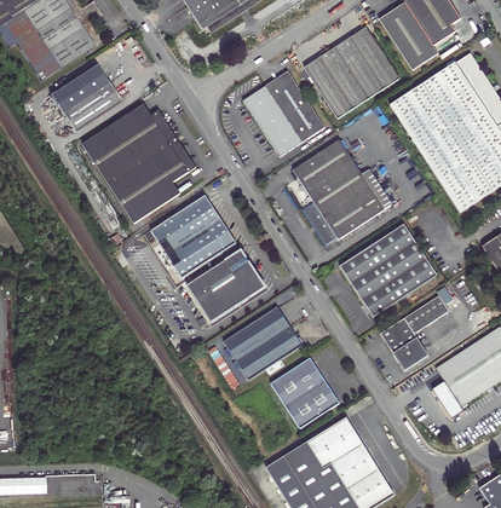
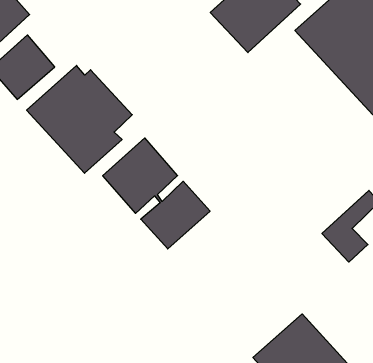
building: [242,70,324,156] -> none
building: [288,143,390,243] -> none
building: [344,221,439,313] -> none
building: [225,305,300,376] -> none
building: [270,357,339,427] -> none

